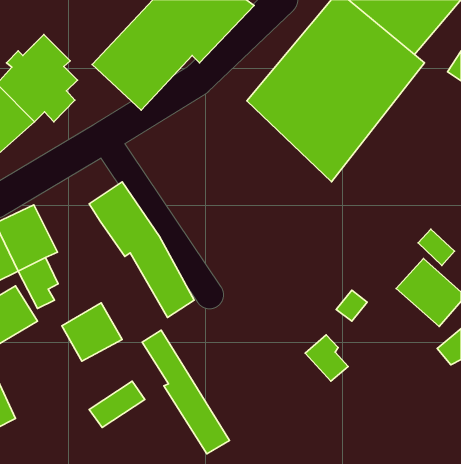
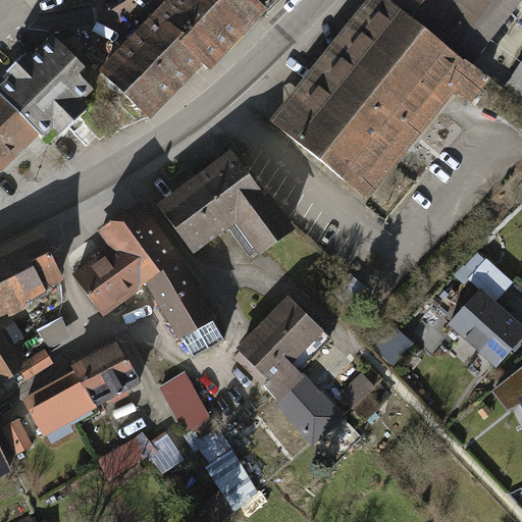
building: none -> [154,150,279,250]
building: none -> [73,248,140,313]
building: none -> [243,294,338,443]
building: none -> [11,365,92,437]

